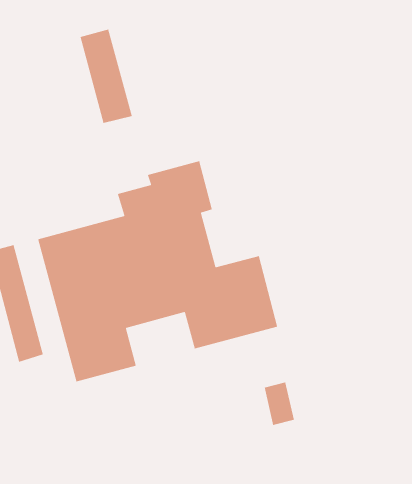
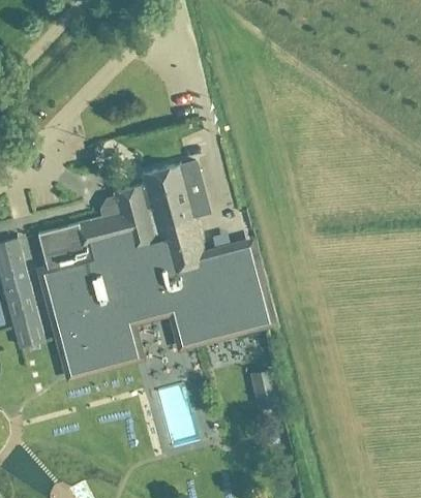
building: [79,28,133,124] -> none

